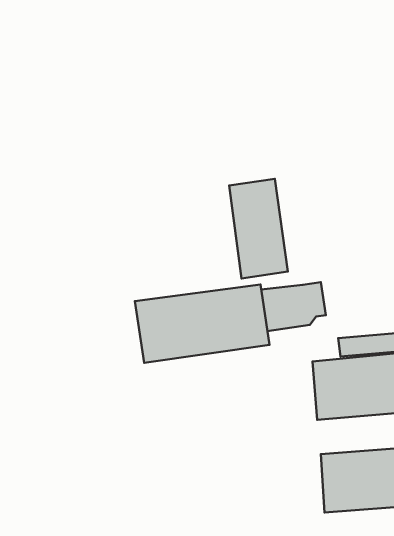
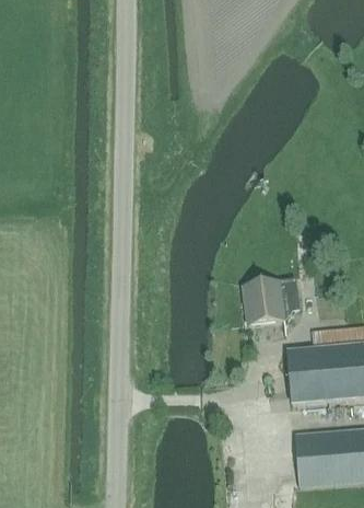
building: [229,179,288,279] -> none
building: [135,284,269,363] -> none

